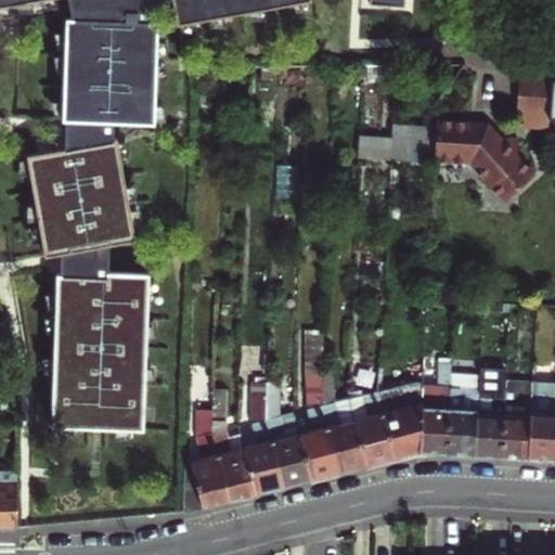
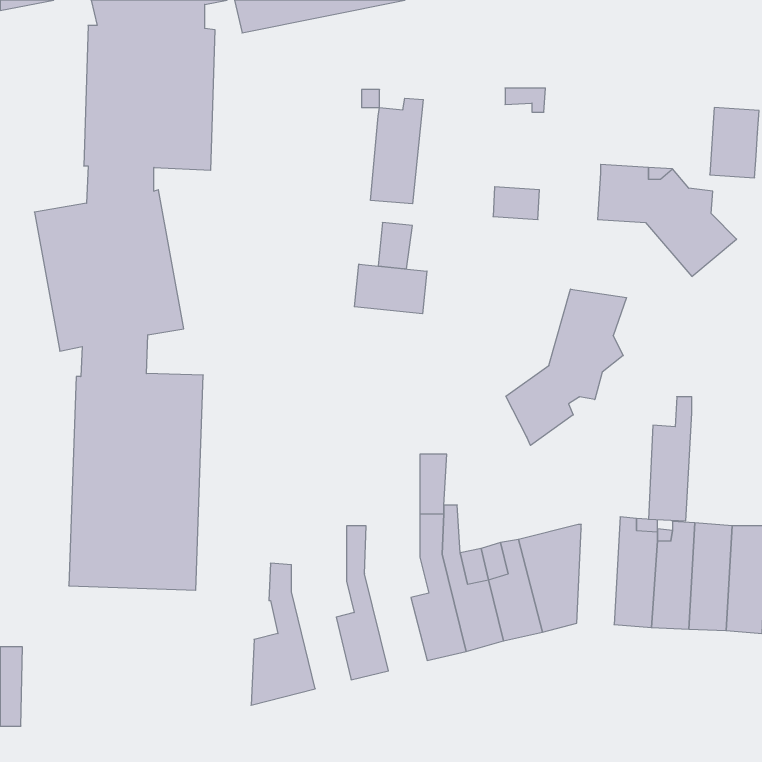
building: none -> [371,98,423,204]
building: [391,125,437,163] -> none
building: none -> [354,264,427,314]
building: none -> [506,289,626,445]
building: [420,364,451,454] -> [648,397,692,521]
building: [266,383,311,488] -> none
building: [212,389,256,501] -> none

